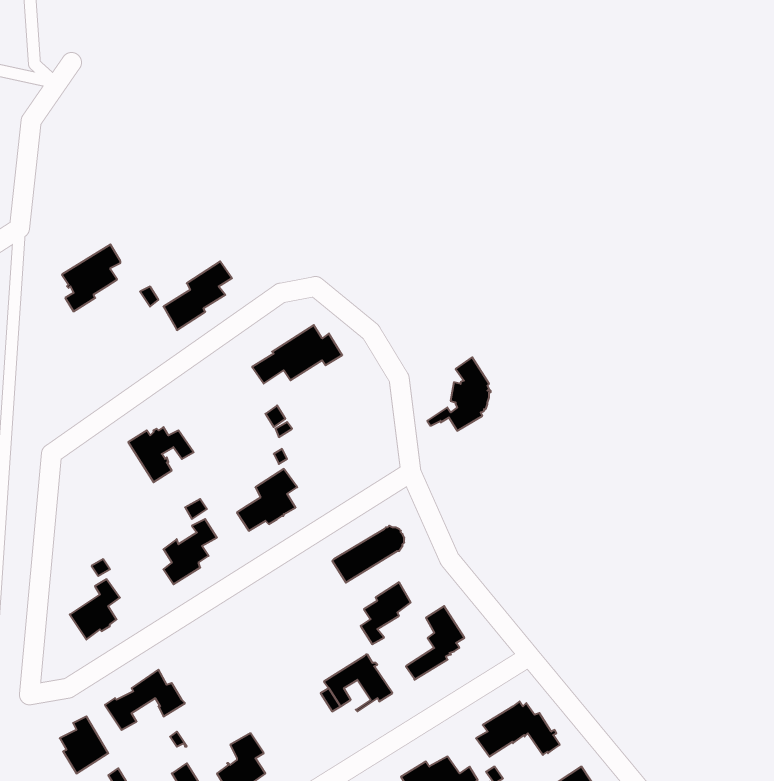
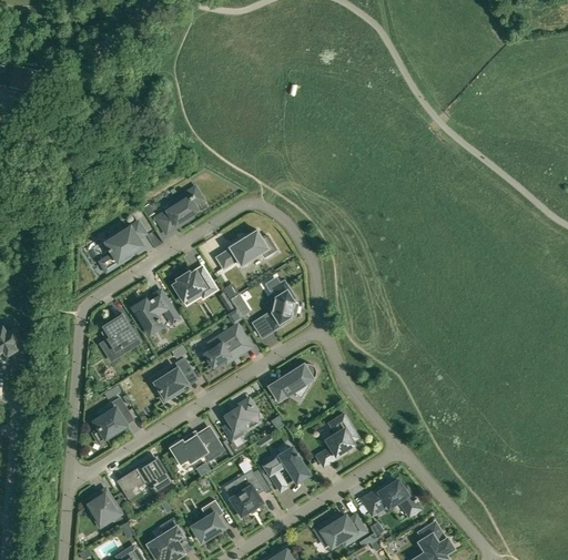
building: [62,244,120,311] -> [104,222,143,266]
building: [427,357,491,431] -> [252,281,294,329]
building: none -> [172,271,214,304]
building: none -> [99,314,138,355]
building: [361,582,411,644] -> [222,398,255,439]
building: none -> [170,435,221,462]
building: none -> [227,475,262,517]

